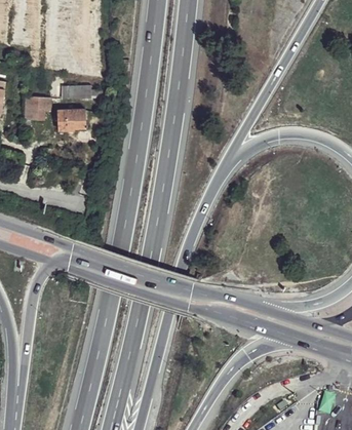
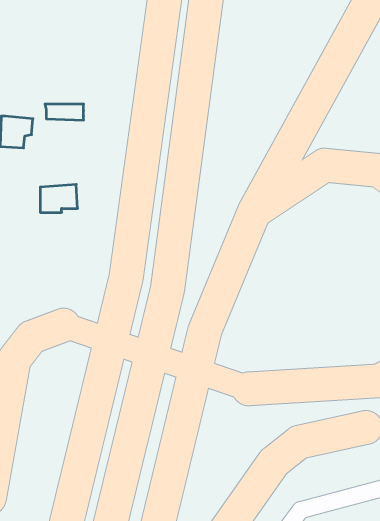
building: [57,109,86,130] -> [40,184,78,212]

